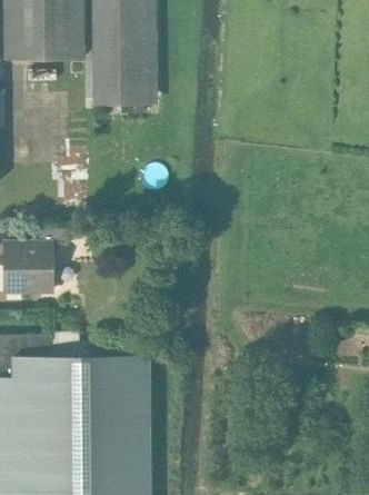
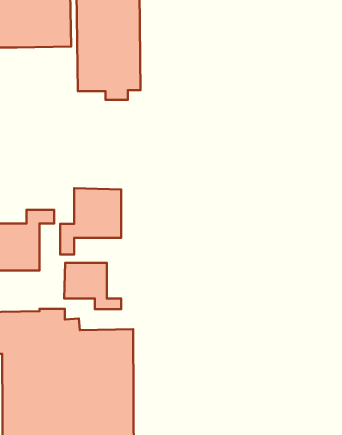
building: none -> [60,188,121,254]
building: none -> [64,263,121,309]

